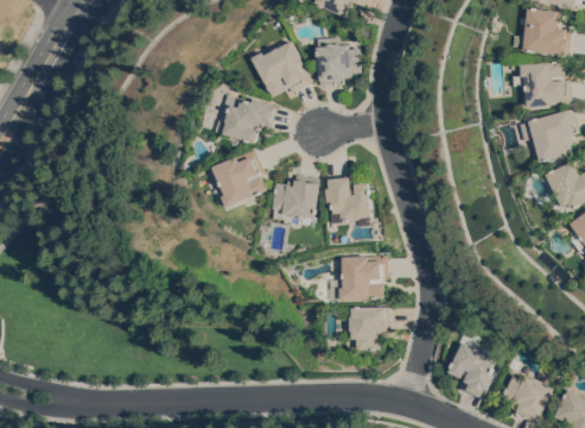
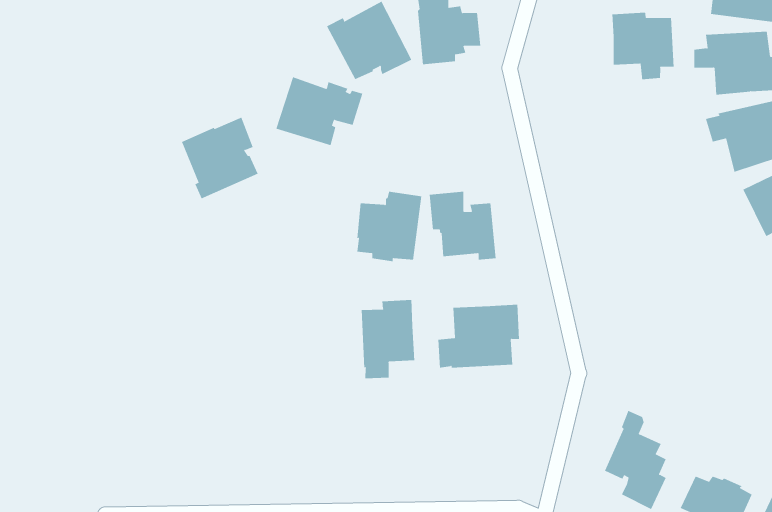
building: none -> [612,12,674,80]
building: [212,149,267,207] -> [181,117,259,199]
building: none -> [361,299,415,379]
building: [350,307,389,350] -> none

